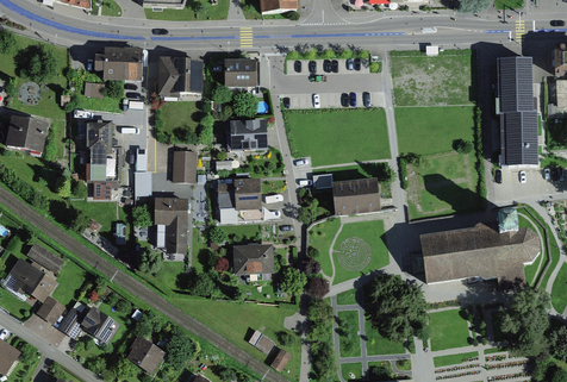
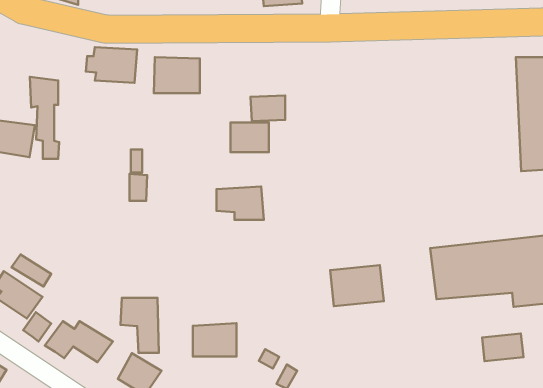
building: [226,60,258,83] -> [251,95,285,121]
building: [82,119,110,195] -> [30,77,59,159]
building: [174,149,198,180] -> none
building: [329,177,379,215] -> [330,265,384,306]
building: [151,198,187,249] -> [121,298,159,353]
building: [232,242,273,273] -> [193,323,236,357]
building: none -> [482,333,524,361]

